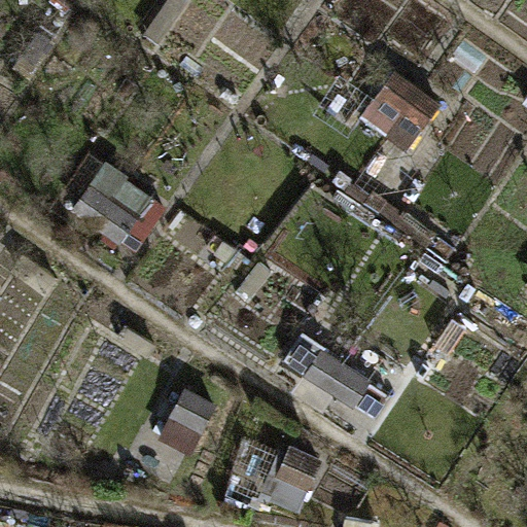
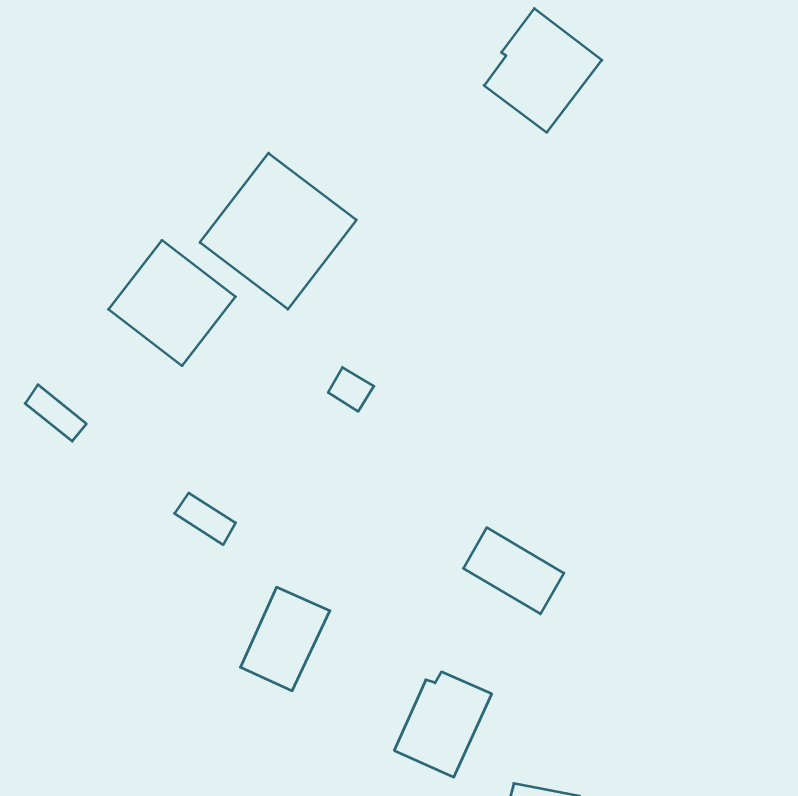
building: [362,70,440,151] -> [484,8,602,132]
building: none -> [200,153,356,309]

